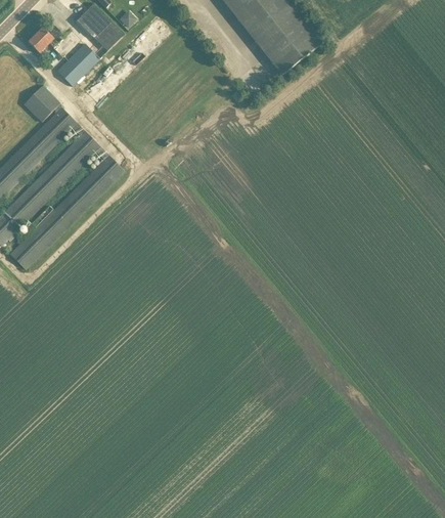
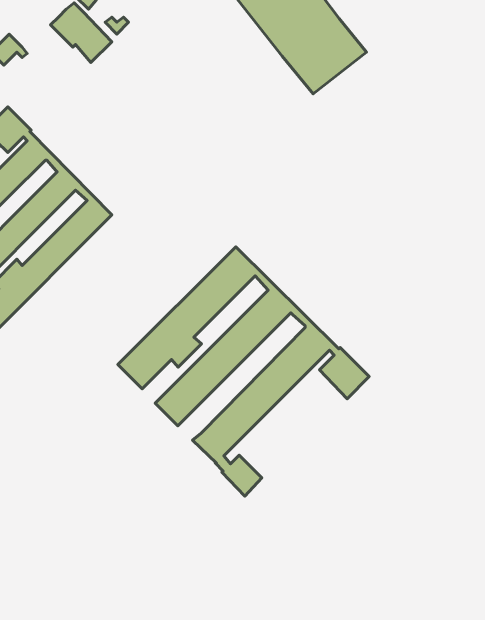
building: [56,43,98,85] -> none
building: none -> [118,247,369,496]

